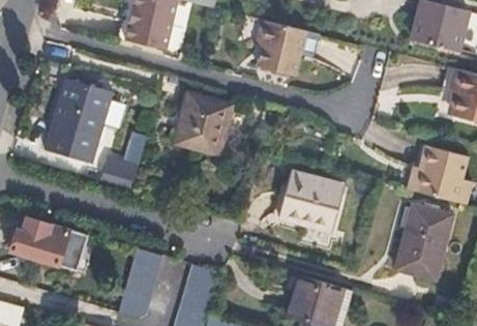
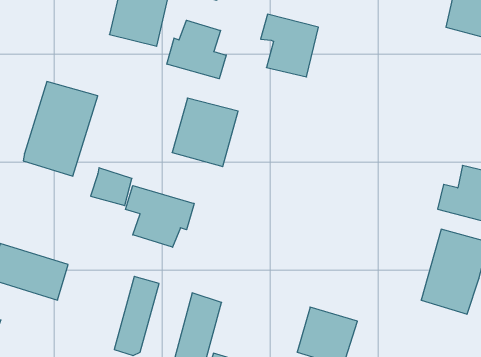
building: none -> [167,20,226,79]
building: none -> [125,186,194,247]
building: [278,172,344,230] -> none

